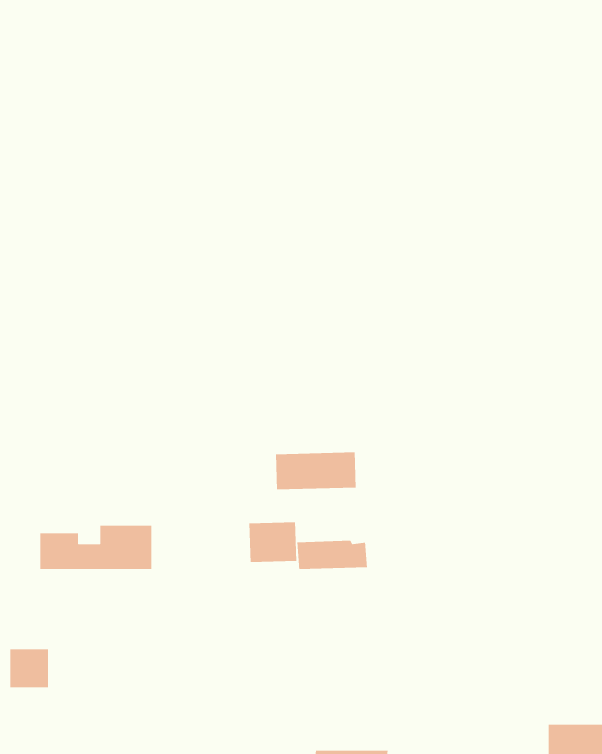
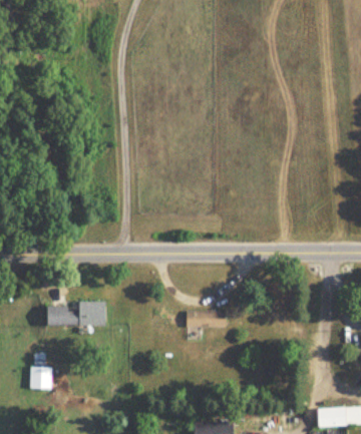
building: [275,452,357,490] -> none
building: [249,522,297,563] -> none

